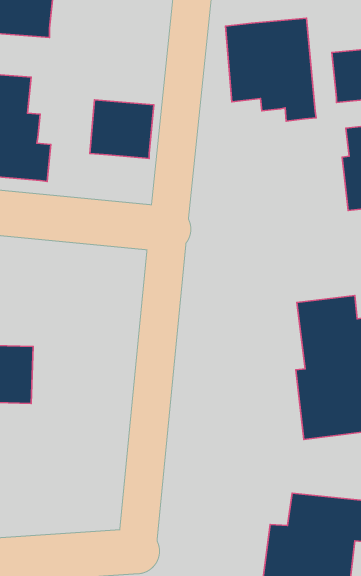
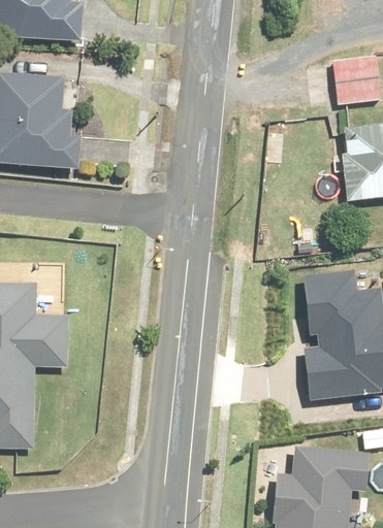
building: [225,18,316,121] -> none
building: [90,100,154,159] -> none

